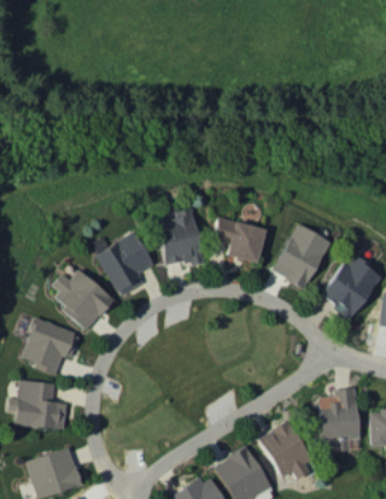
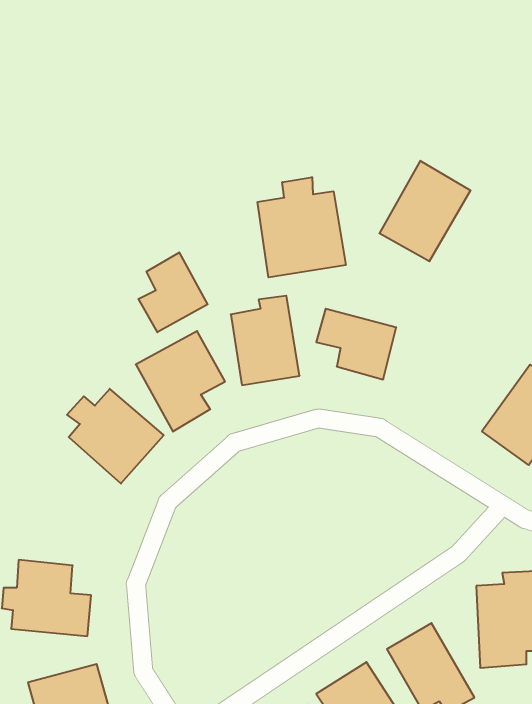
building: none -> [258,177,346,277]
building: none -> [138,252,208,332]
building: [273,223,332,288] -> [379,161,471,261]
building: [21,317,81,372] -> none

